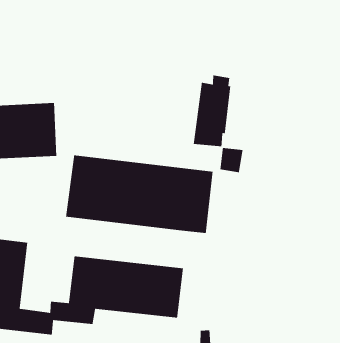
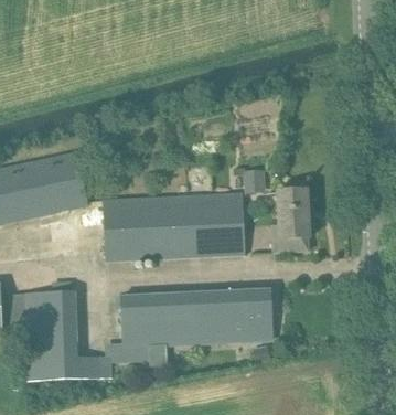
building: [193,75,231,147] -> [278,181,310,252]
building: none -> [228,288,272,340]

